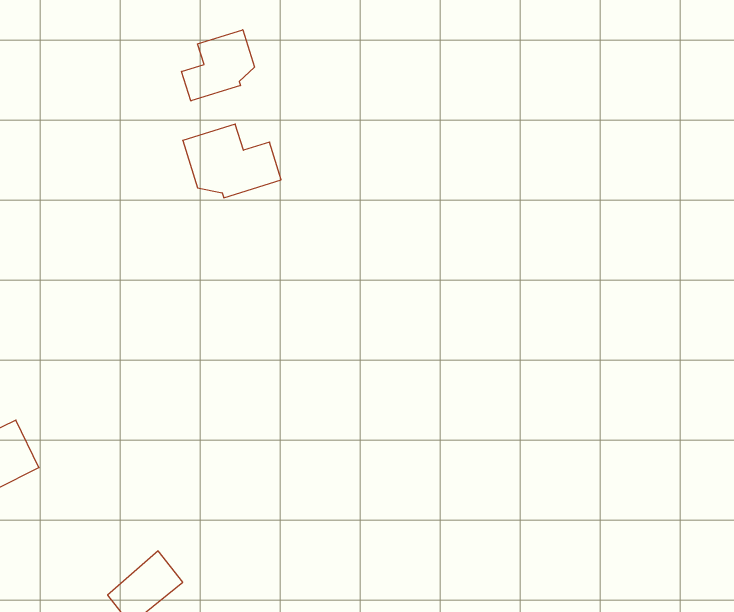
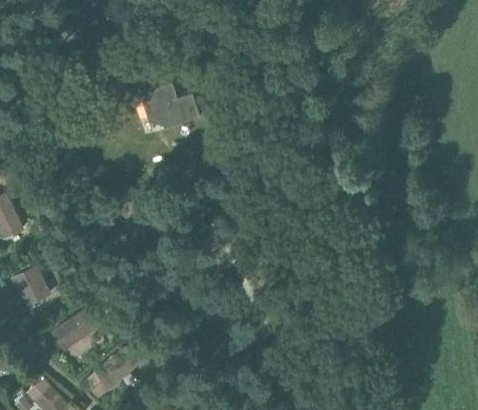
building: [182,30,254,101] -> none
building: none -> [51,305,104,353]

